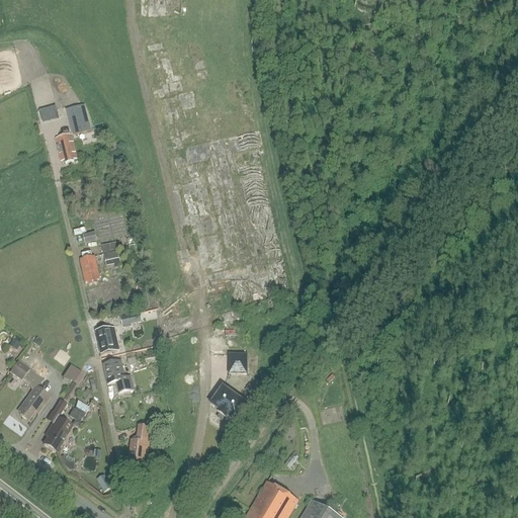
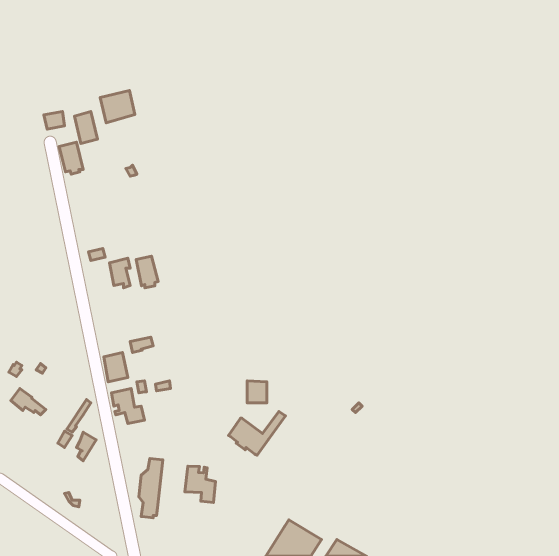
building: none -> [100,90,135,123]
building: [80,254,100,283] -> [136,256,158,288]
building: [18,384,51,419] -> none
building: [44,415,73,451] -> none
building: none -> [185,466,216,503]

